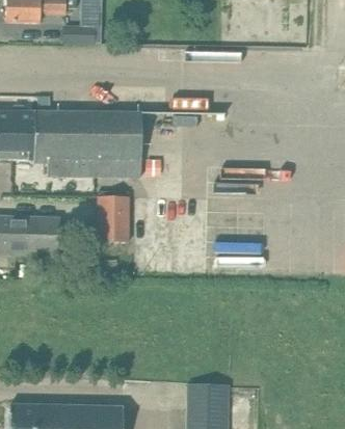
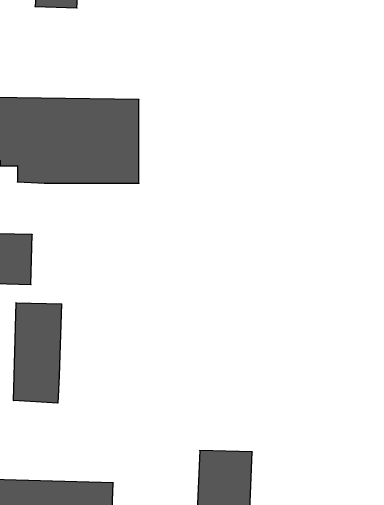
building: [101,196,131,242] -> none
building: none -> [14,303,62,403]

